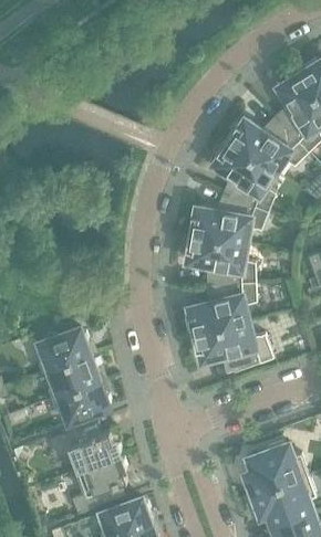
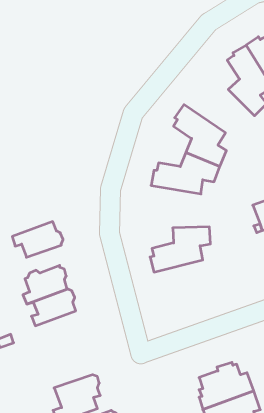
building: [226,119,309,172] -> none
building: [184,234,256,284] -> none
building: [190,322,273,373] -> none
building: [51,381,111,423] -> [12,222,63,257]
building: [50,421,121,472] -> none

